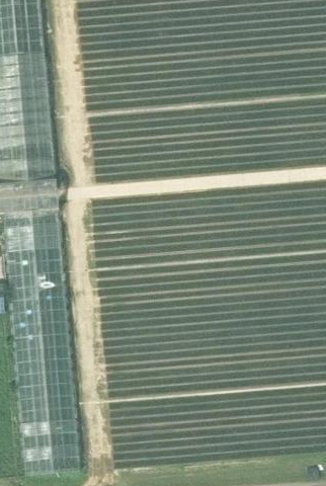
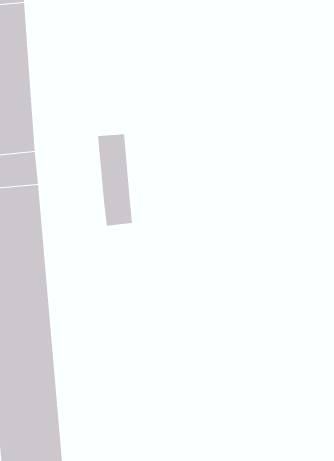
building: none -> [97,134,132,226]

